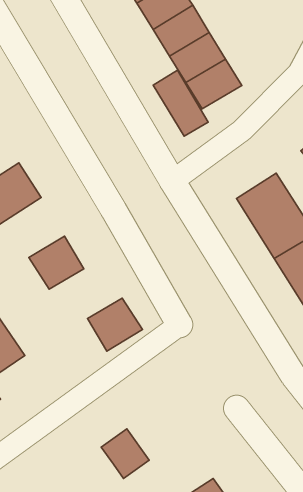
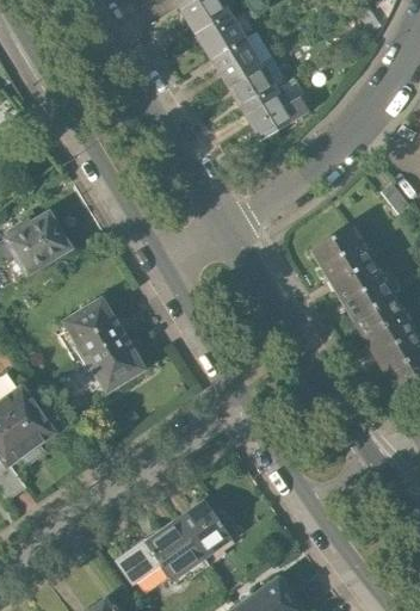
building: [153,70,208,136] -> none
building: [88,298,143,351] -> [85,333,149,395]
building: none -> [175,500,231,557]
building: none -> [113,537,160,580]

